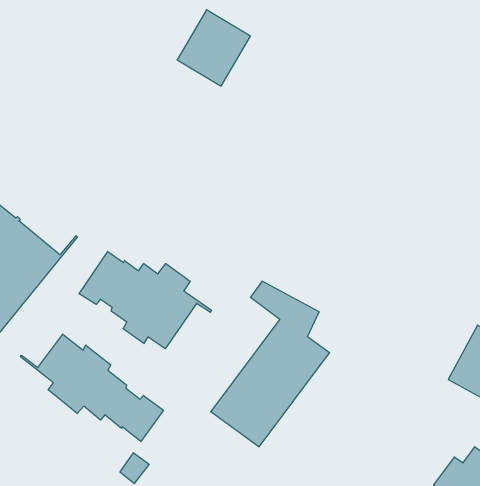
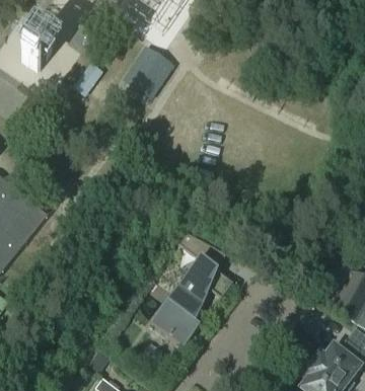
building: [79,251,211,349] -> none
building: [21,334,163,442] -> none

